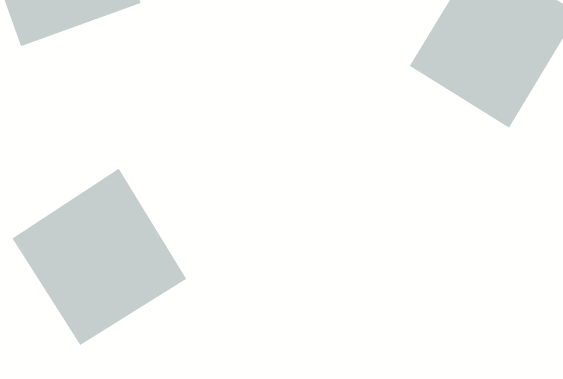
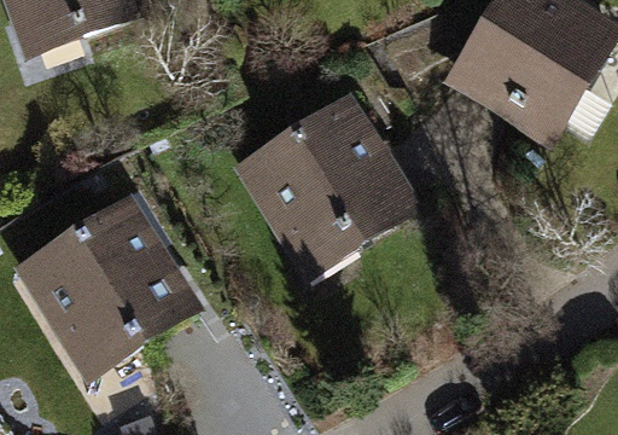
building: none -> [233,91,425,283]

